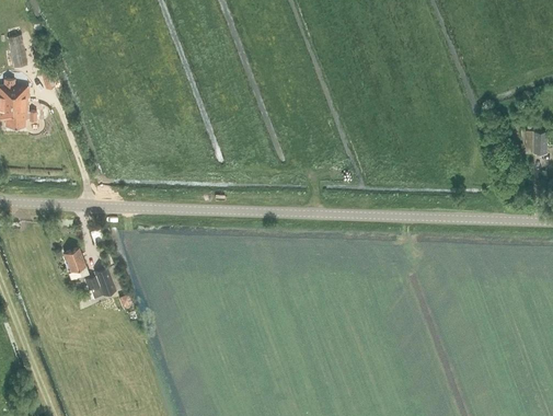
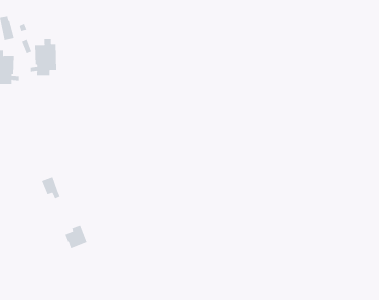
building: none -> [30,38,56,76]
building: [84,268,115,300] -> [64,225,87,249]

